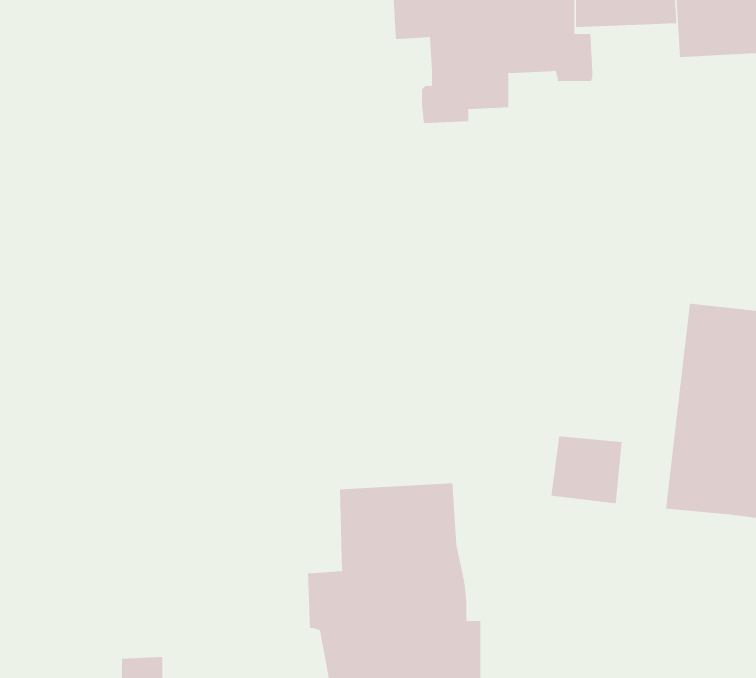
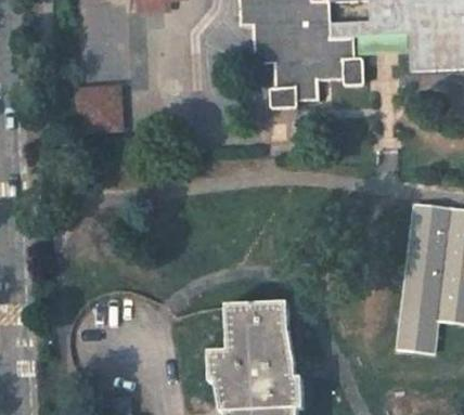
building: none -> [75,83,124,132]
building: [551,436,623,504] -> [398,316,437,353]

